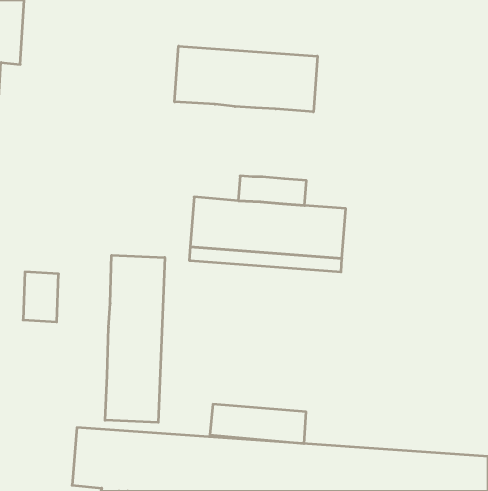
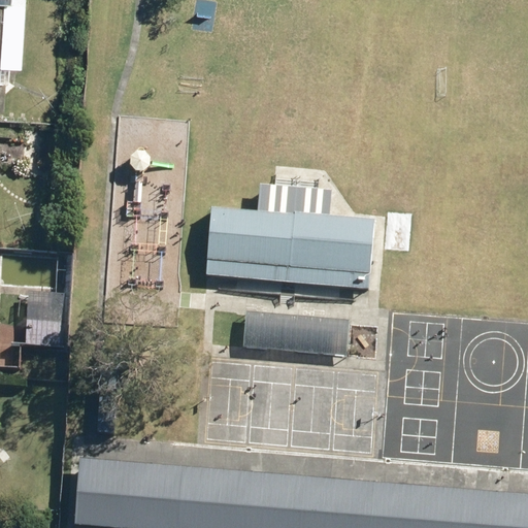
building: [175,46,317,112] -> none
building: [105,255,165,422] -> none
building: [210,404,306,444] -> [243,312,346,355]

